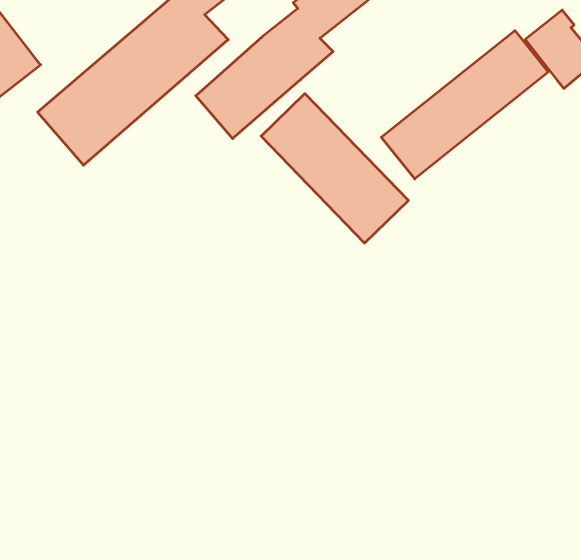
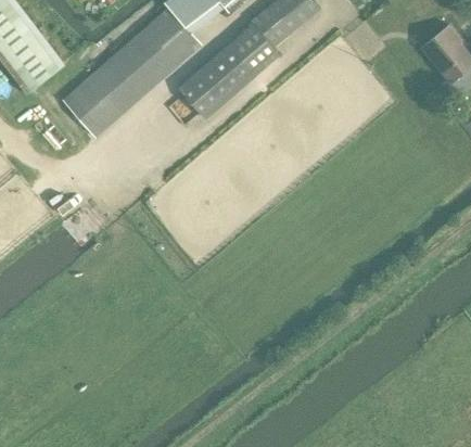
building: [381,31,548,179] -> none
building: [261,94,408,243] -> none

